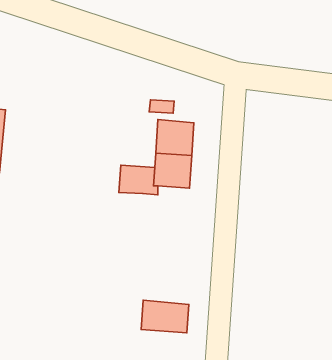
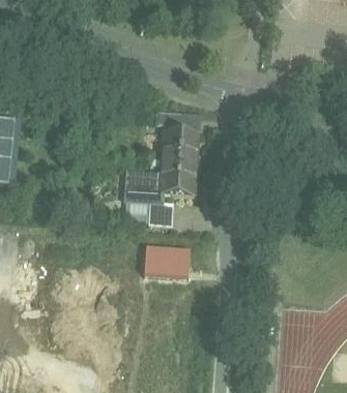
building: none -> [147,200,173,224]
building: [141,300,189,333] -> [143,245,189,276]

